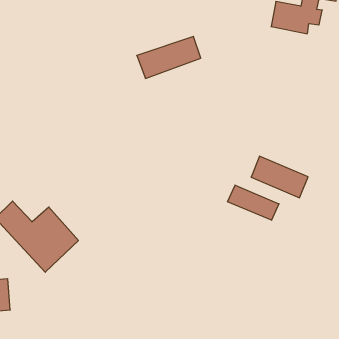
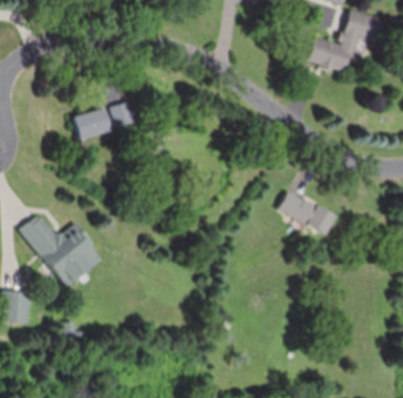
building: [137,36,201,78] -> [72,102,135,140]
building: [228,185,279,220] -> none

